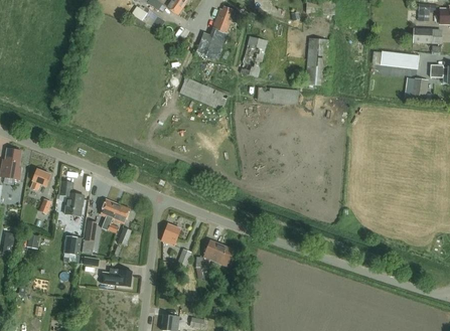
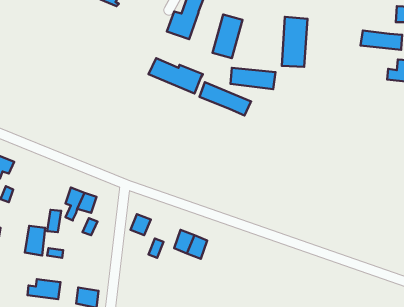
building: none -> [199,82,251,116]
building: [60,180,85,215] -> none
building: [101,267,132,286] -> [27,279,60,299]

